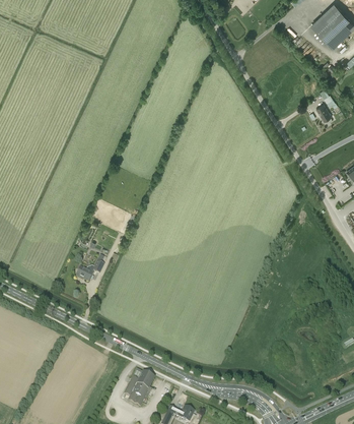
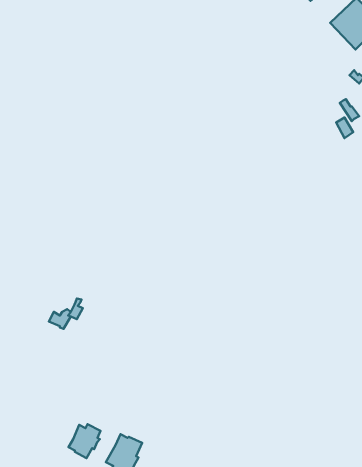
building: none -> [68,424,101,458]

